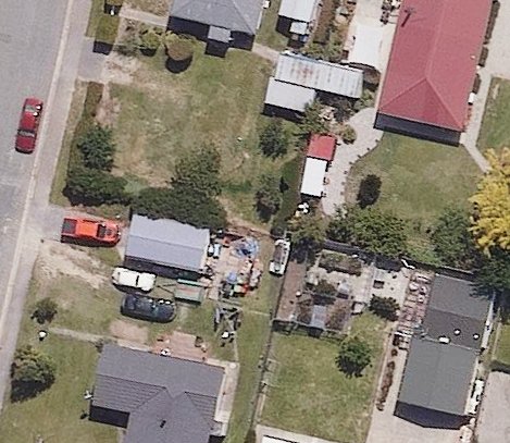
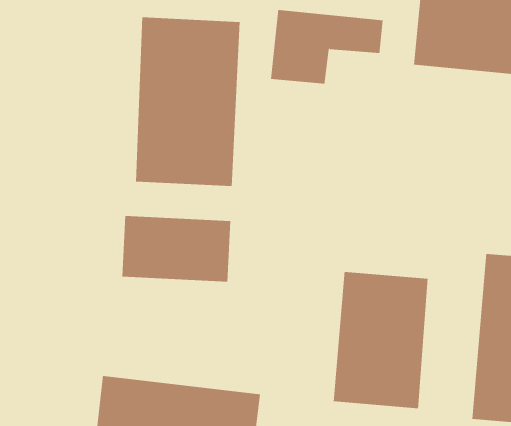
building: none -> [135,16,240,187]
building: none -> [333,271,428,409]

